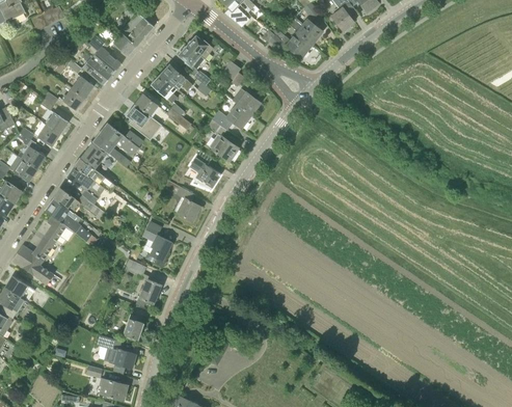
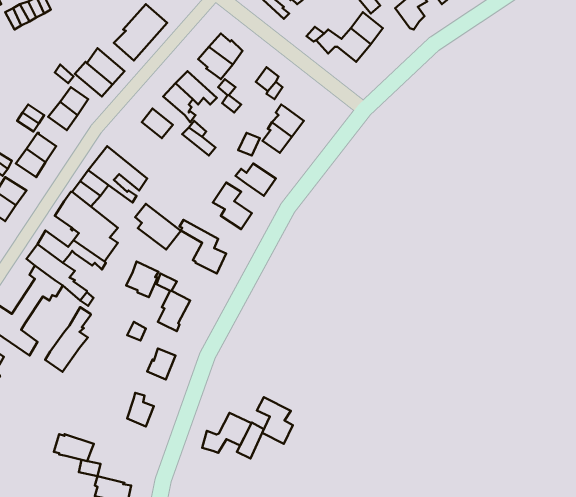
building: [126,105,161,140] -> [135,204,181,249]
building: none -> [126,262,158,297]
building: none -> [45,307,91,372]
building: none -> [257,397,293,444]
building: none -> [202,413,251,453]
building: [104,347,135,368] -> [54,434,94,461]

